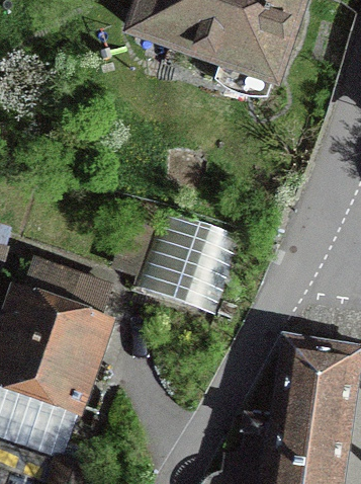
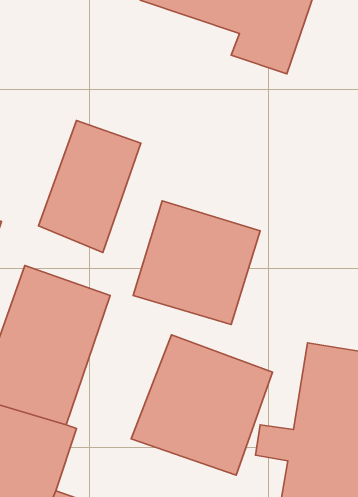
building: none -> [38,120,141,252]
building: none -> [131,335,272,475]

